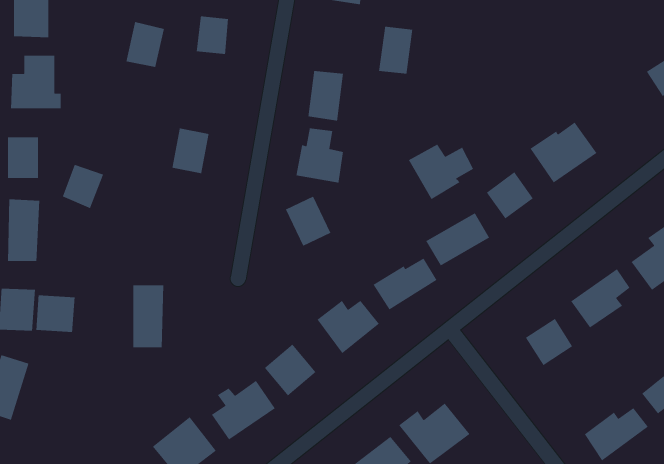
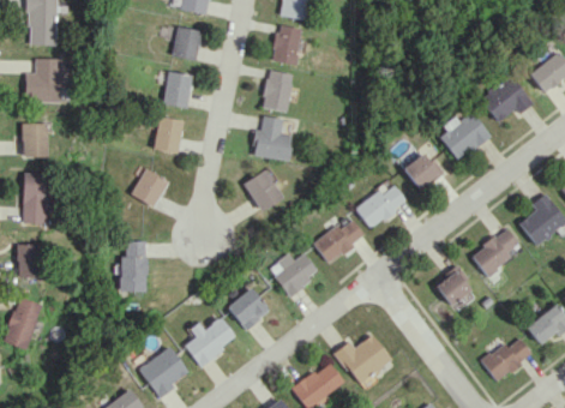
building: [126,21,165,68] -> [162,71,193,108]
building: [378,26,413,74] -> [271,25,299,64]
building: none -> [481,76,533,121]
building: [408,144,474,200] -> none
building: [62,164,104,209] -> [133,170,167,206]
building: [35,294,75,333] -> none

